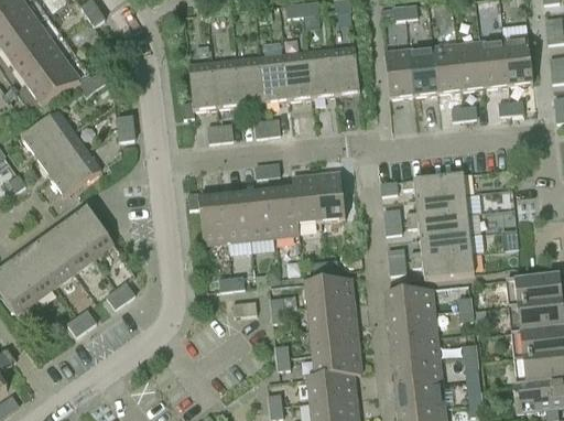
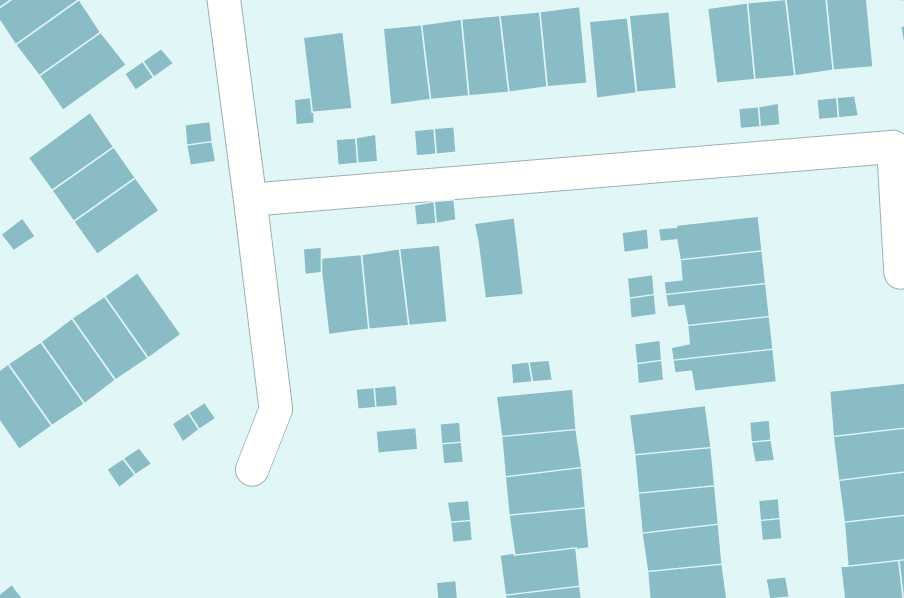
building: [410,46,438,95] -> [589,18,636,98]
building: [213,58,241,107] -> none
building: [316,171,346,219] -> none
building: [271,187,300,236] -> none

